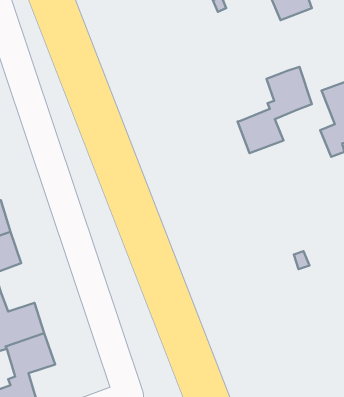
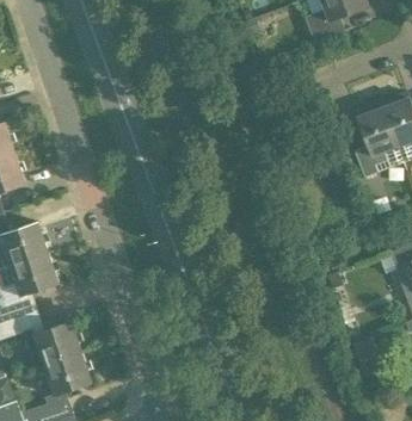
building: [238,67,312,153] -> none

